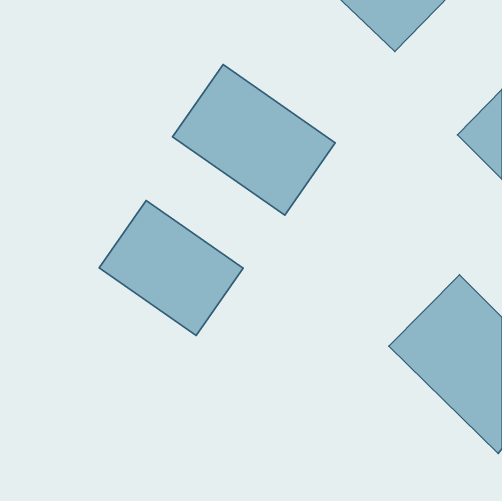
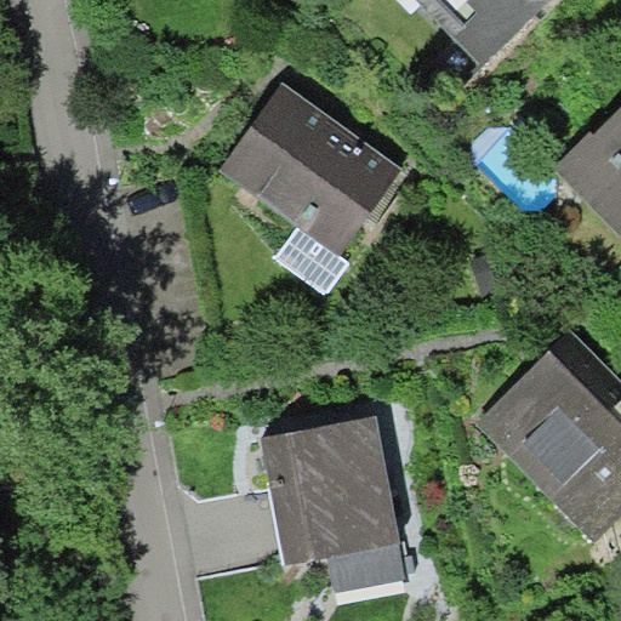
building: [99,201,243,335] -> none
building: none -> [297,418,408,589]

